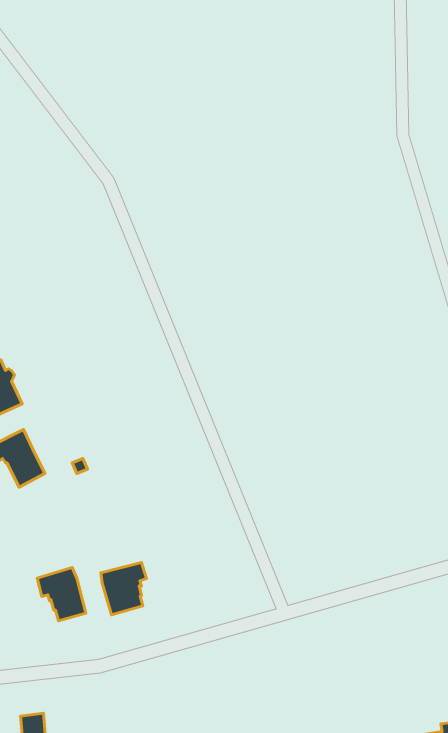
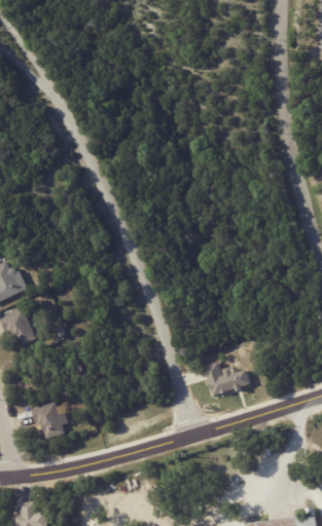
building: none -> [203,362,249,397]
building: [101,562,147,615] -> none

